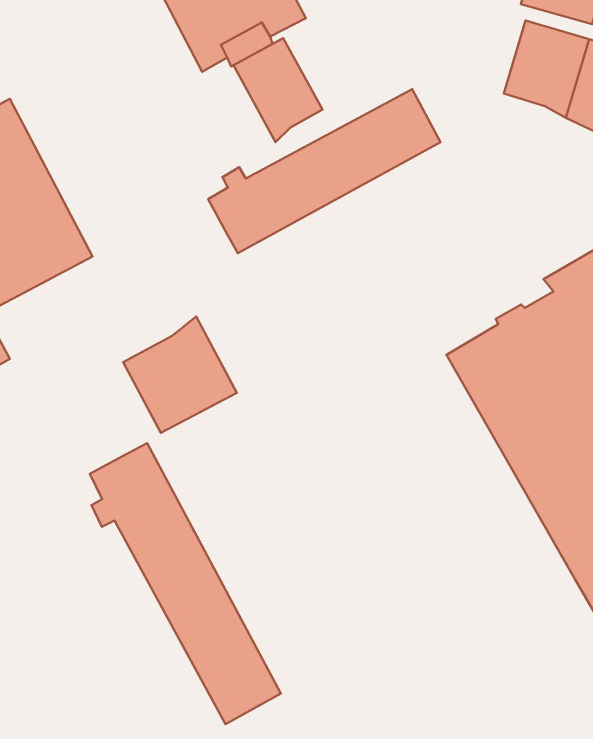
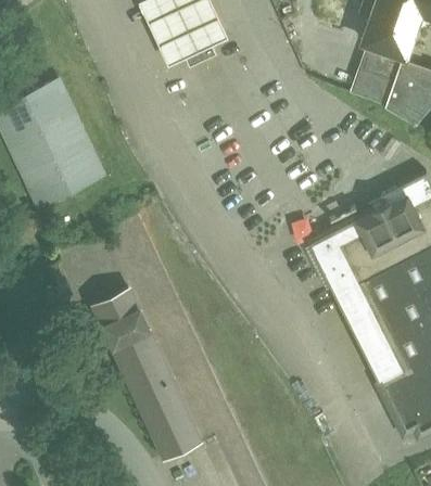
building: [233,38,323,142] -> none
building: [208,89,440,253] -> none
building: [123,317,237,433] -> none

